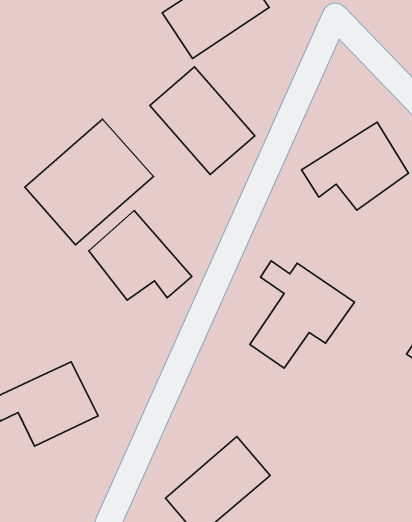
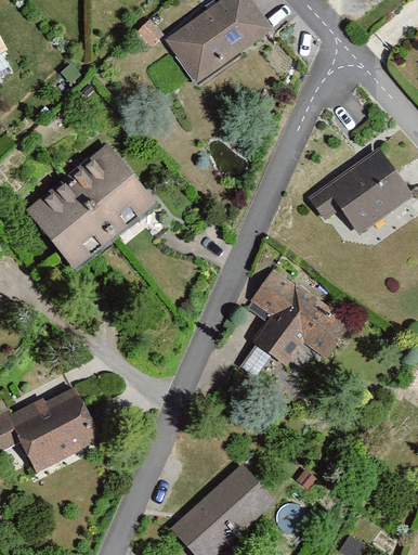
building: [150,67,255,175] -> none
building: [89,211,192,300] -> none

